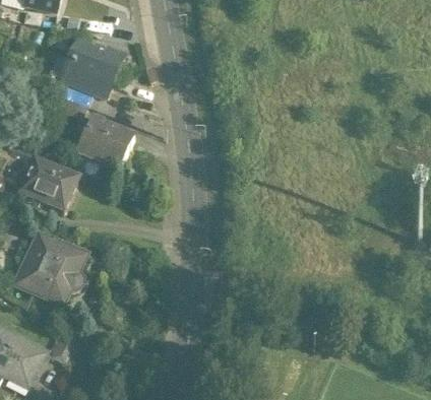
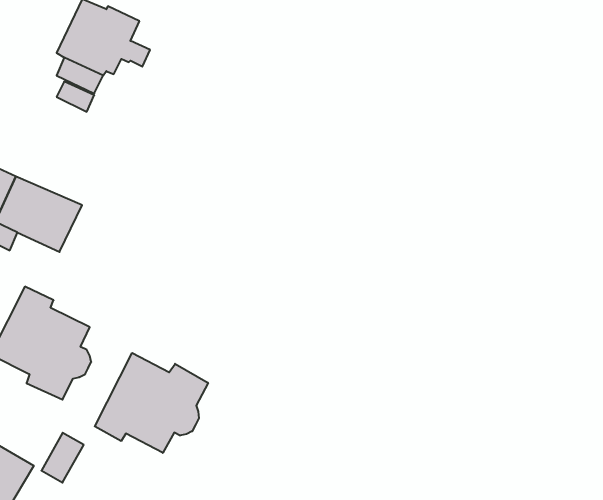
building: [77,115,133,169] -> none
building: none -> [95,353,208,453]

